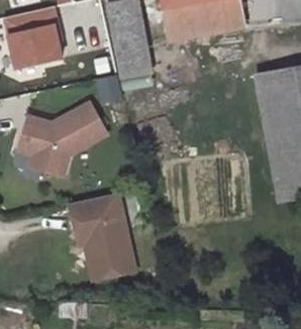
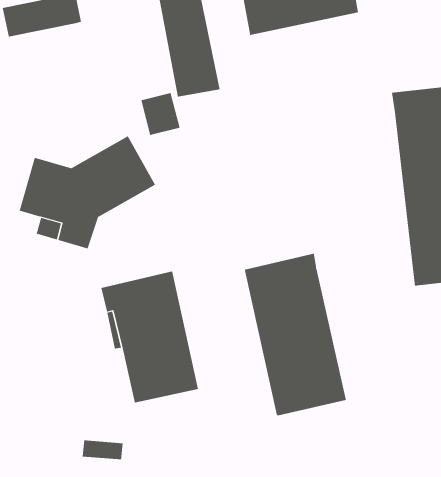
building: [10,29,62,70] -> none
building: none -> [244,253,347,416]

